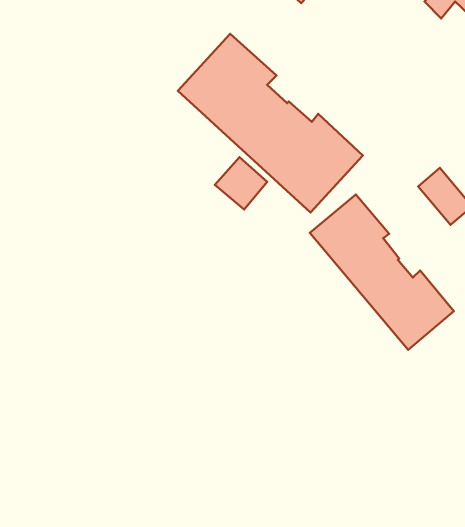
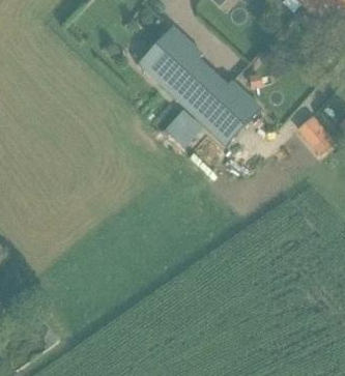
building: [310,194,454,350] -> none

